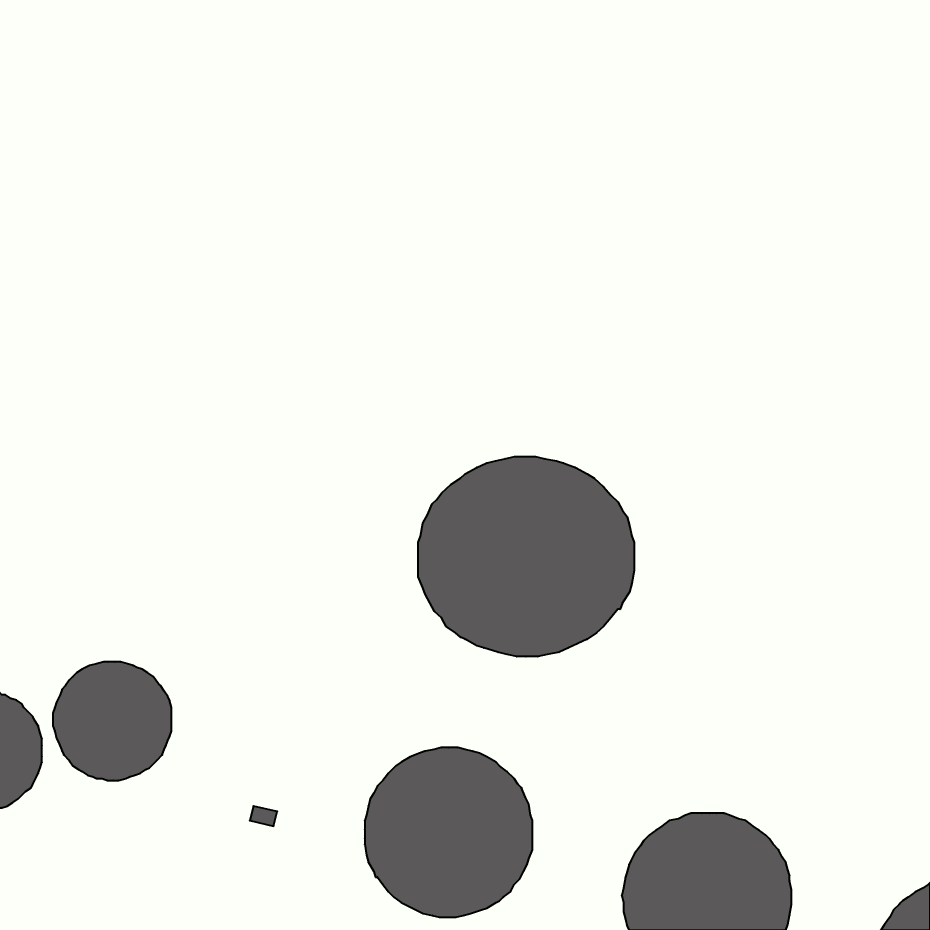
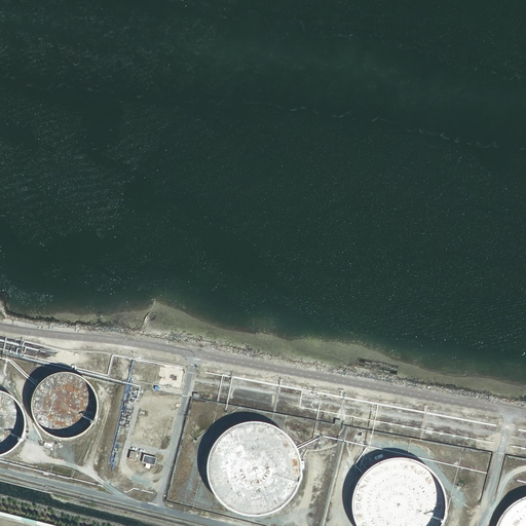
building: [418,457,634,657] -> none

